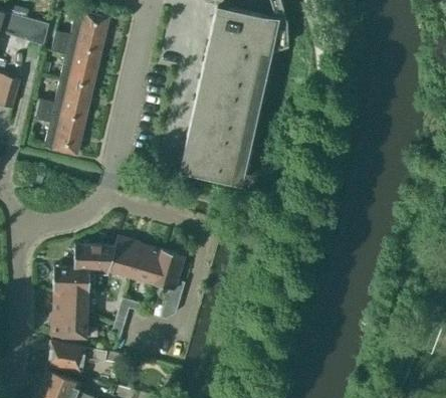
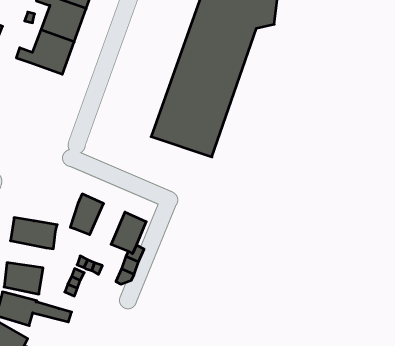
building: [35,110,84,156] -> none
building: [130,243,162,282] -> none
building: [73,245,115,276] -> none
building: [53,290,88,314] -> none

